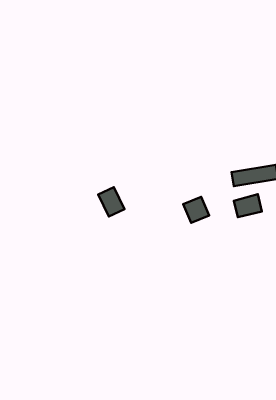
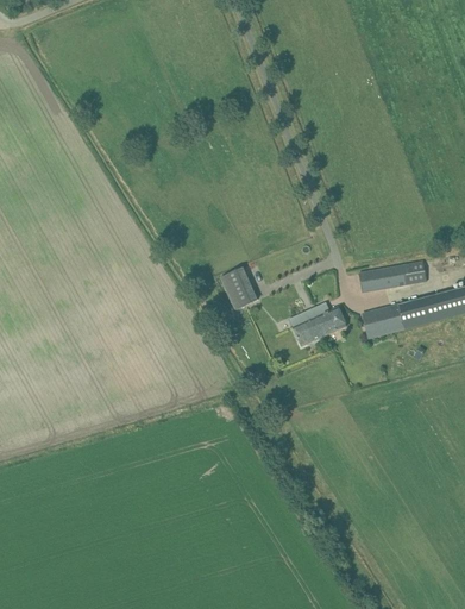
building: [98,187,124,217] -> [220,265,258,308]
building: none -> [315,302,347,334]

